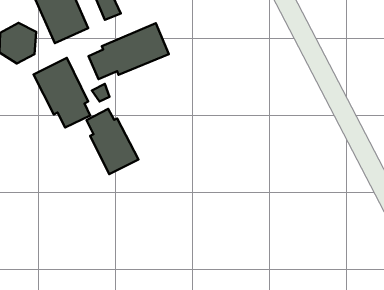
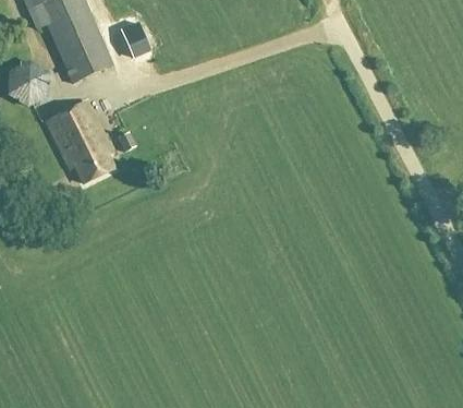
building: [89,23,169,79] -> none
building: [86,109,138,174] -> none

